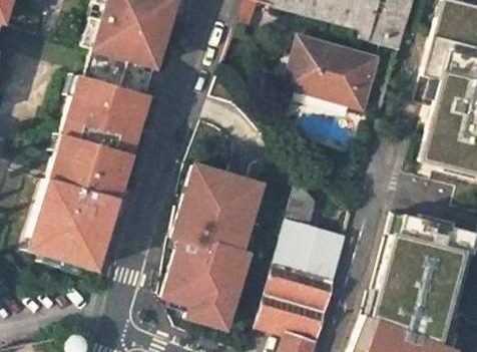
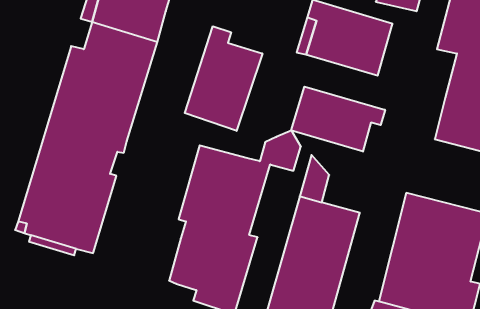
building: none -> [185,26,262,131]
building: none -> [291,87,385,152]

